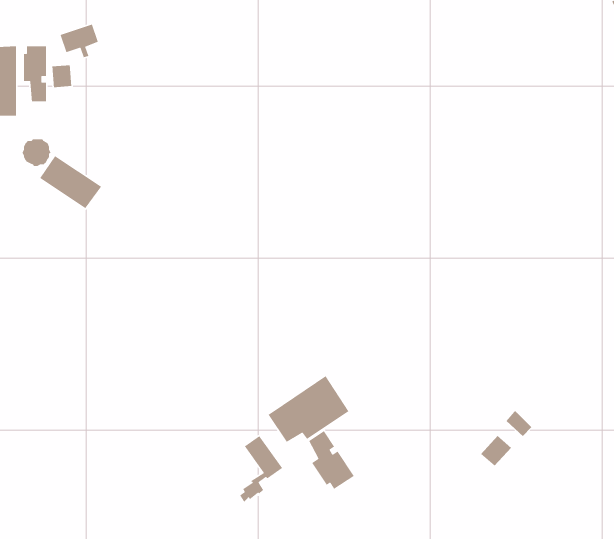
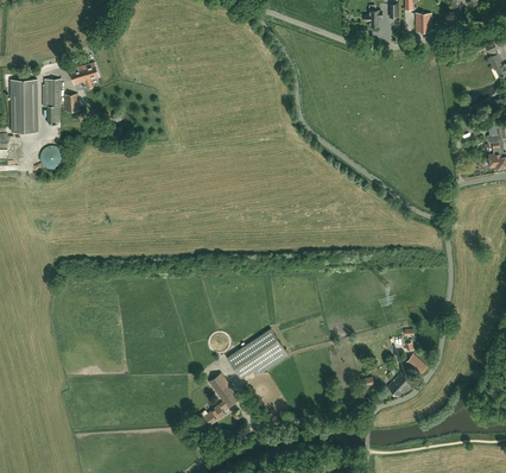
building: [39,155,102,209] -> none
building: [308,430,355,490] -> none

